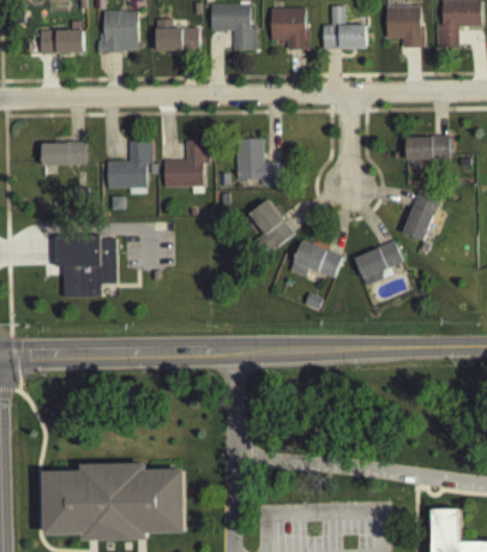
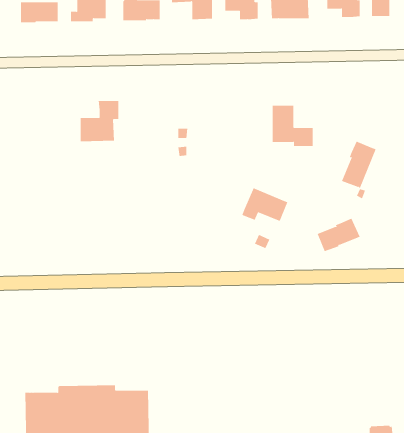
building: [405,136,449,160] -> none
building: [236,138,283,185] -> [272,105,313,147]
building: [163,140,209,187] -> none
building: [41,142,85,166] -> none
building: [247,198,294,257] -> none
building: [54,235,116,299] -> none
building: [354,240,403,278] -> [317,218,360,252]

